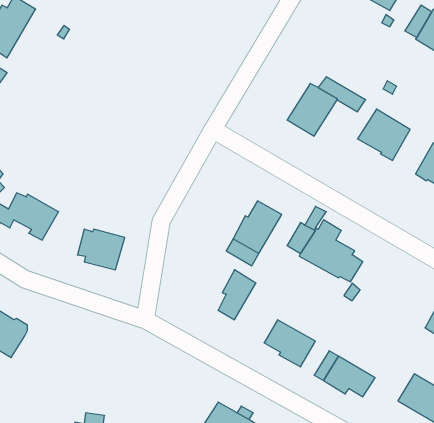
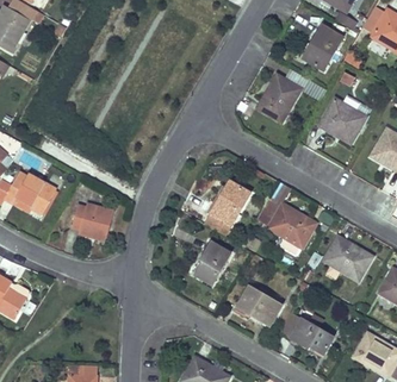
building: none -> [304,25,342,70]
building: none -> [323,236,371,280]

